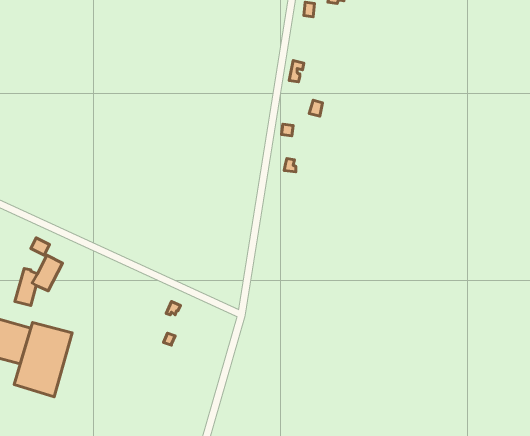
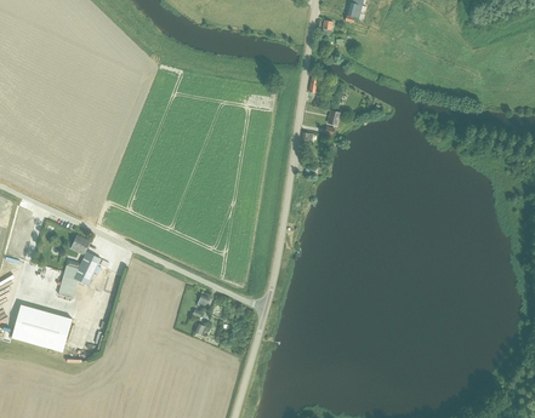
building: [14,322,72,397] -> none

